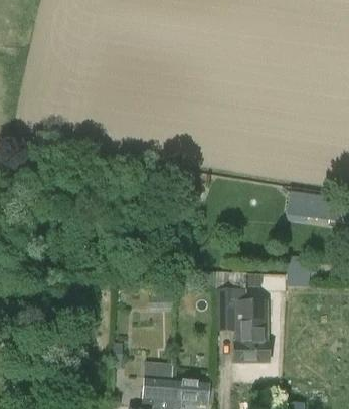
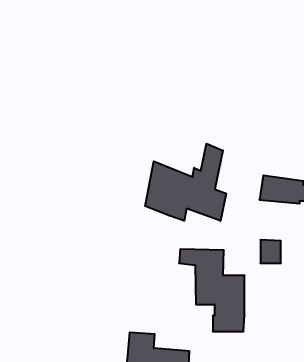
building: none -> [145,144,226,221]

